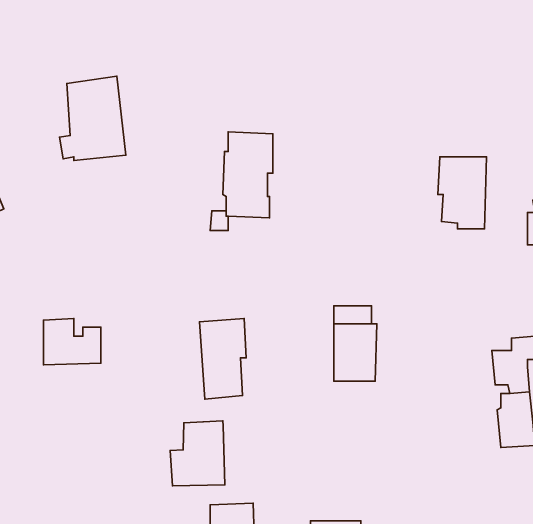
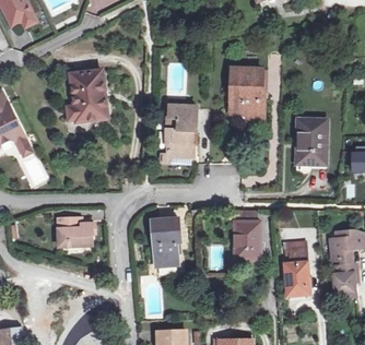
building: none -> [229,68,264,114]
building: none -> [285,247,308,295]
building: [170,421,225,486] -> none

